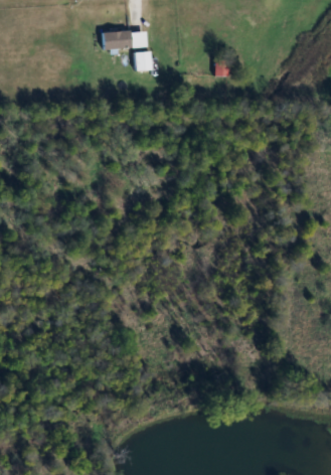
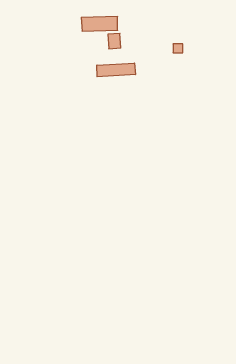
building: none -> [97,63,135,77]

